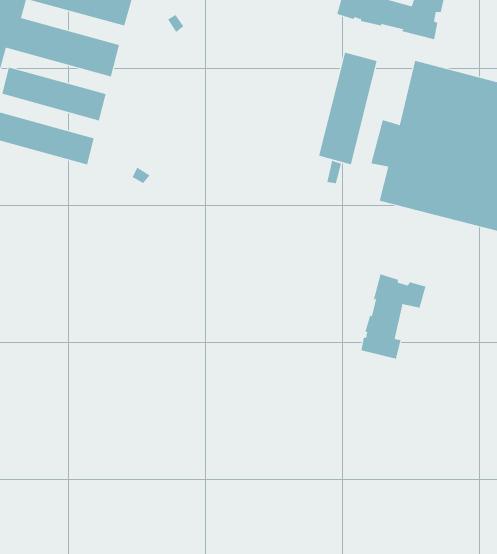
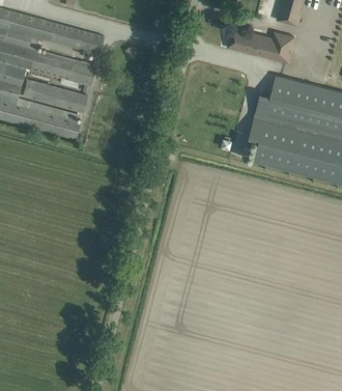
building: [319,52,377,165] -> none
building: [361,274,426,360] -> none

